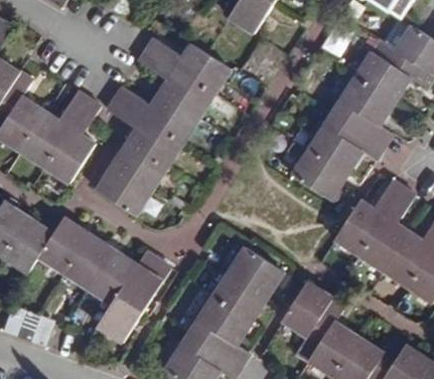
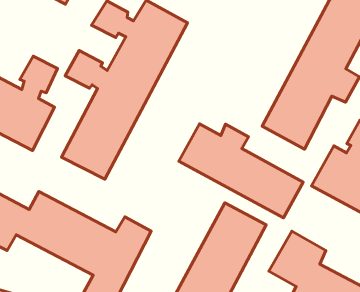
building: none -> [179,124,303,218]

